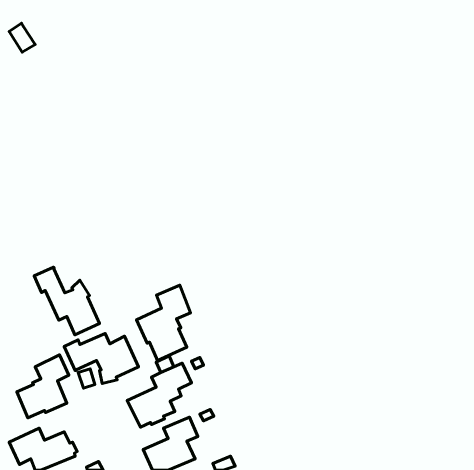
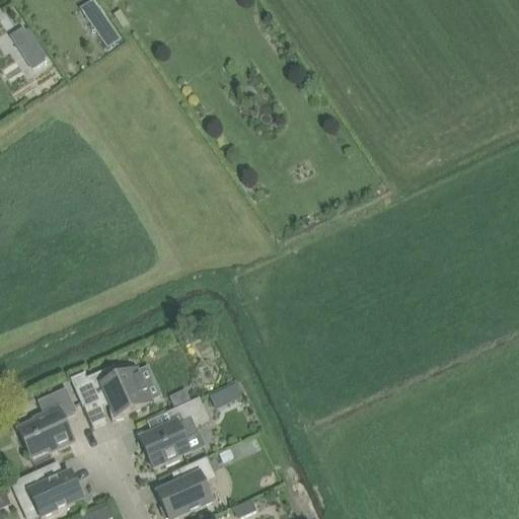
building: none -> [85,4,121,47]
building: [34,267,99,335] -> none
building: [137,285,190,361] -> none

